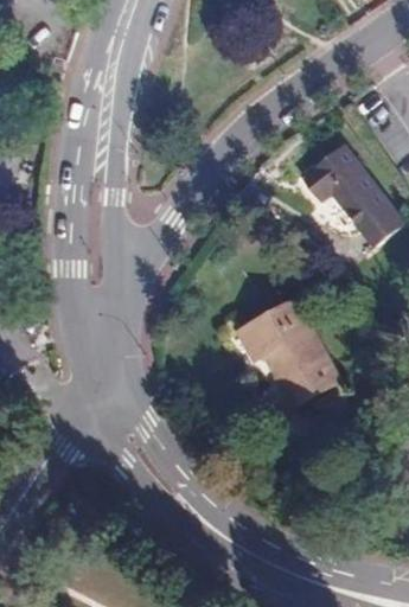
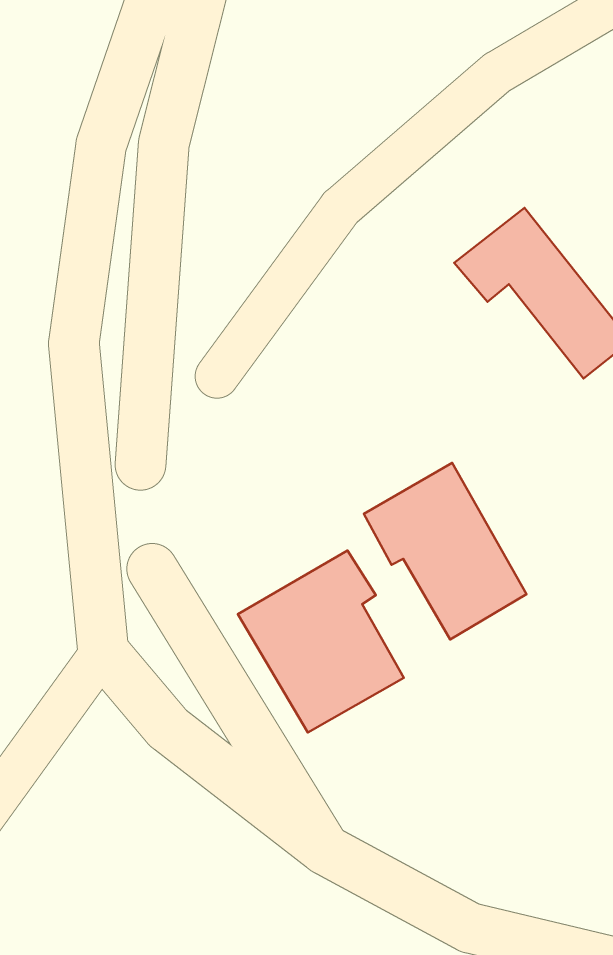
building: none -> [238,551,404,733]

